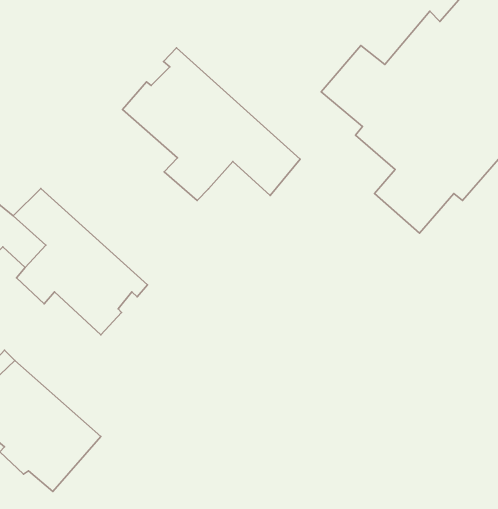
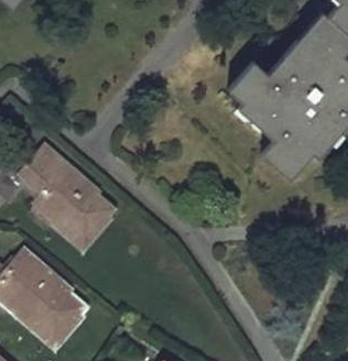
building: [122,48,300,200] -> none

